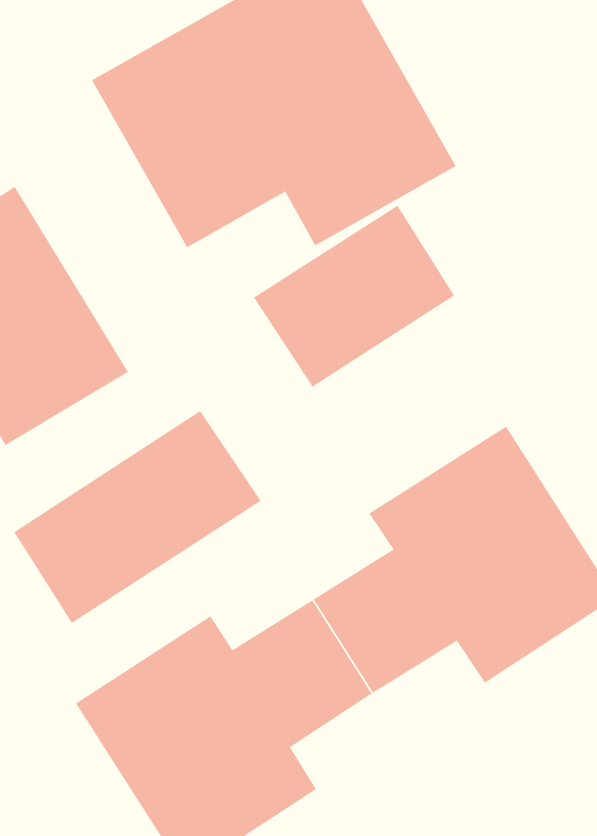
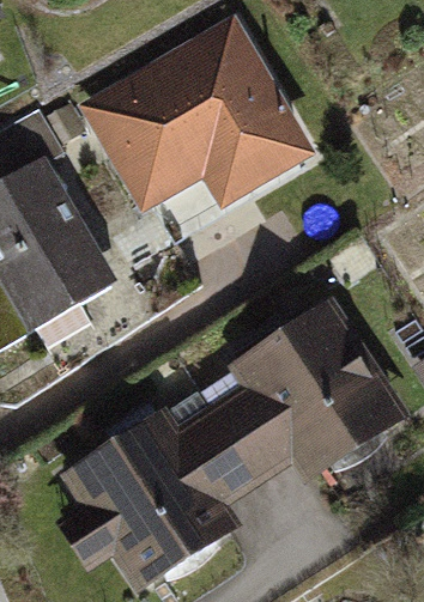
building: [253,205,455,388] -> none
building: [13,410,261,624] -> none

